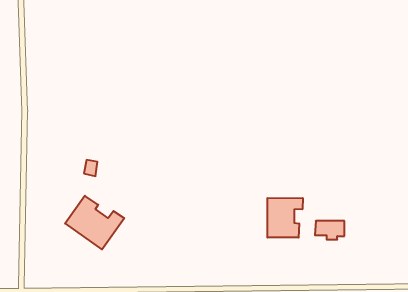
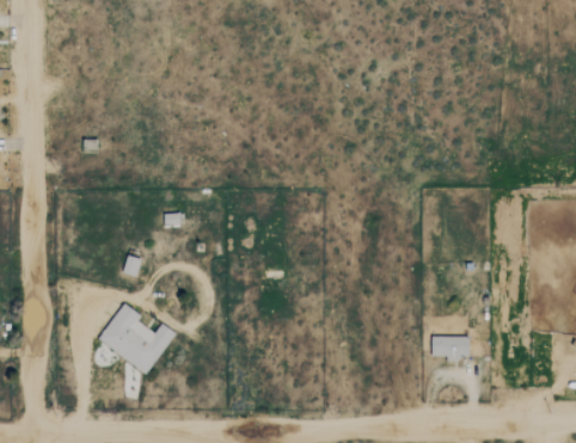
building: [267,198,303,238] -> none

